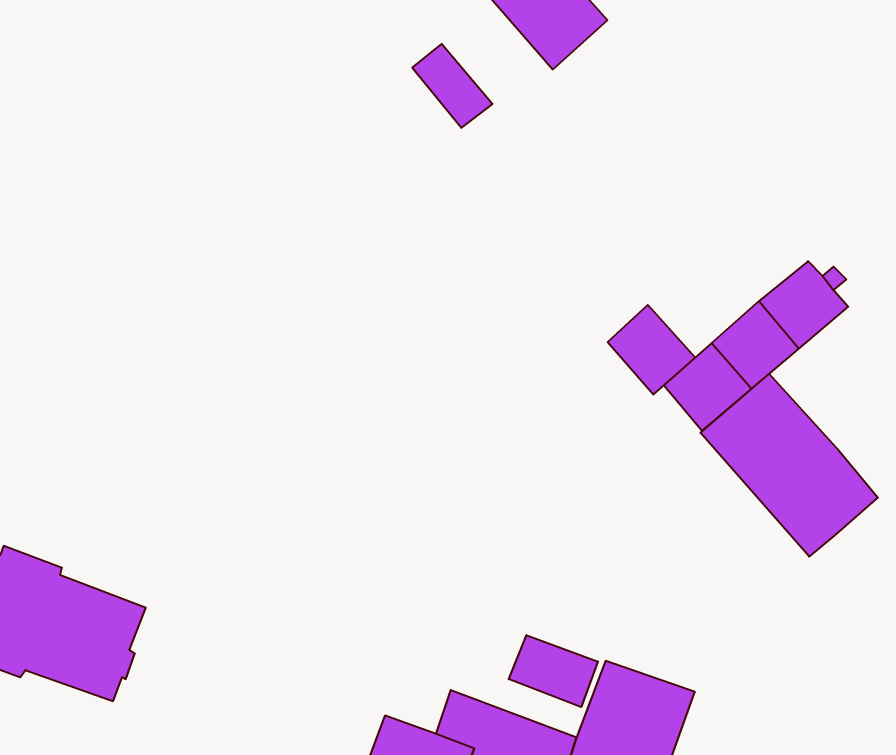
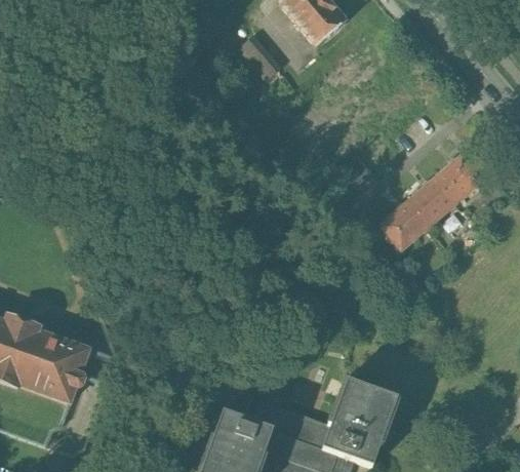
building: [608,305,695,395] -> none
building: [700,374,878,557] -> none
building: [509,635,598,707] -> none

